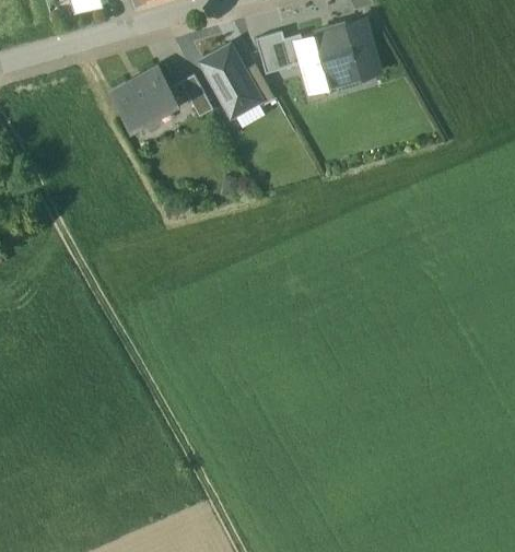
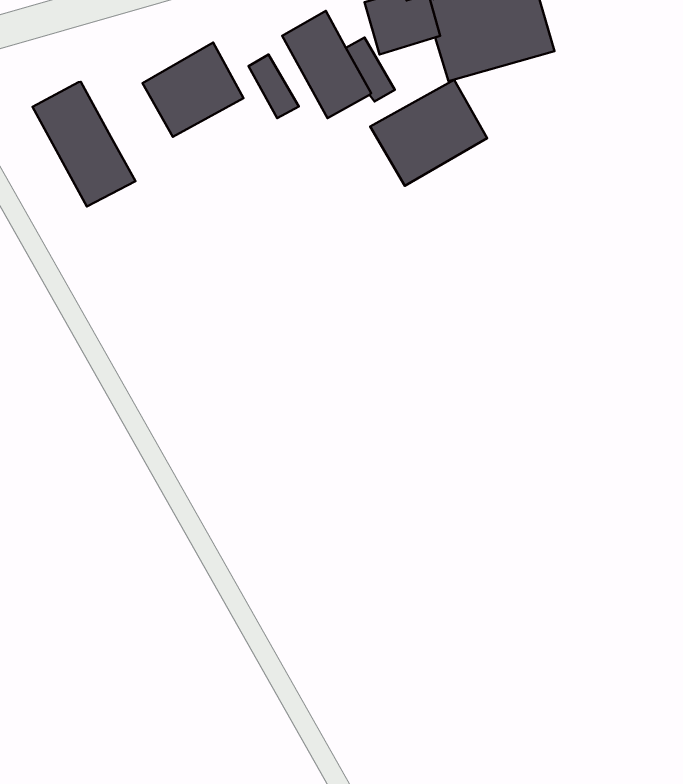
building: none -> [370,80,487,186]
building: none -> [32,82,136,207]

